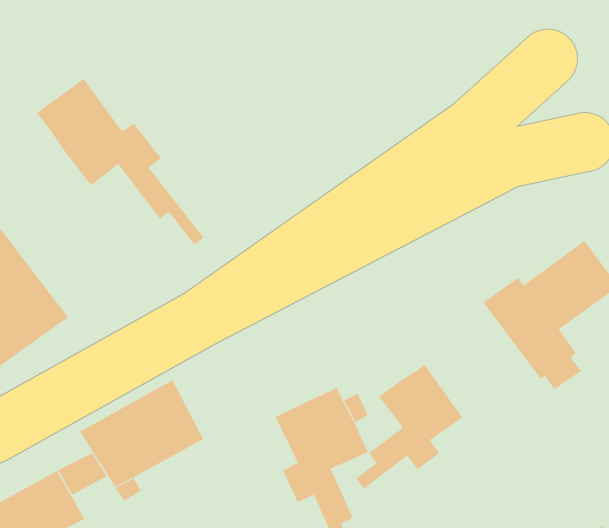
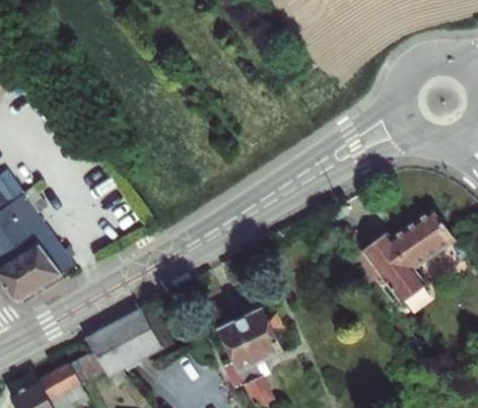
building: [36,78,204,245] -> none
building: [355,364,463,489] -> none

